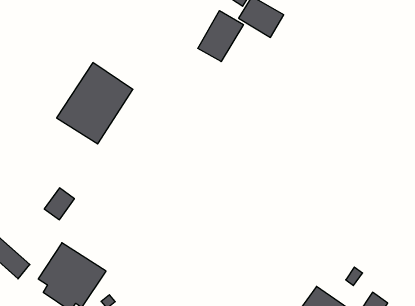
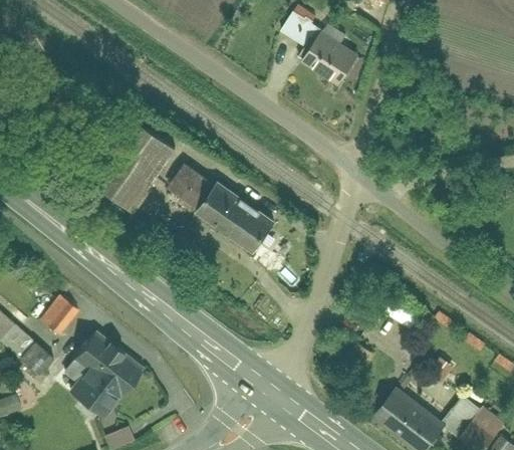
building: [198,11,243,62] -> none
building: none -> [175,167,277,252]
building: [44,188,74,220] -> [41,299,77,338]

